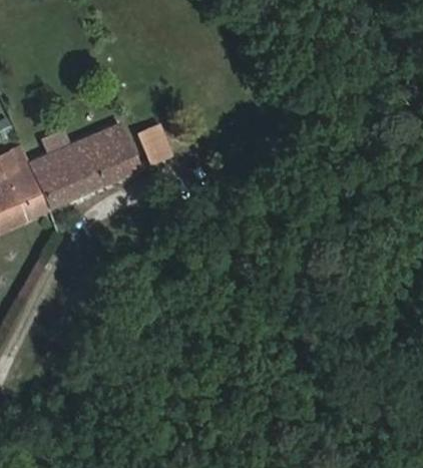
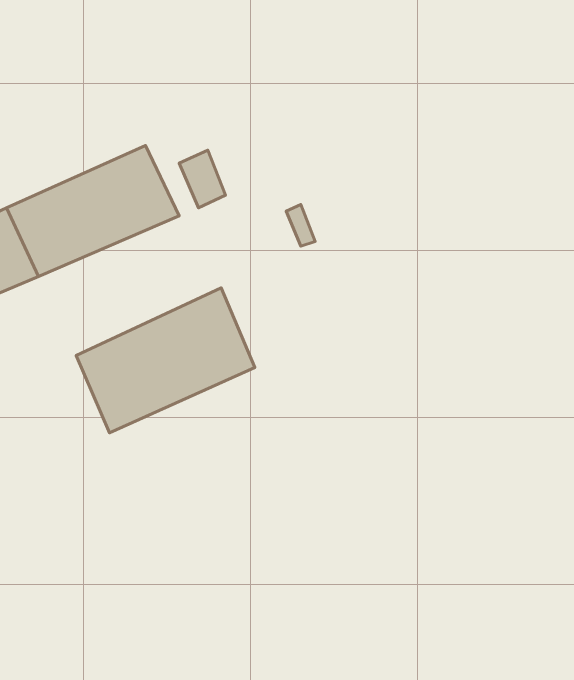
building: none -> [76,288,255,433]

